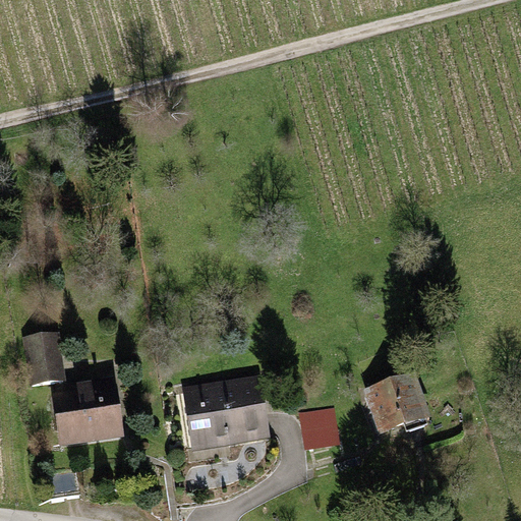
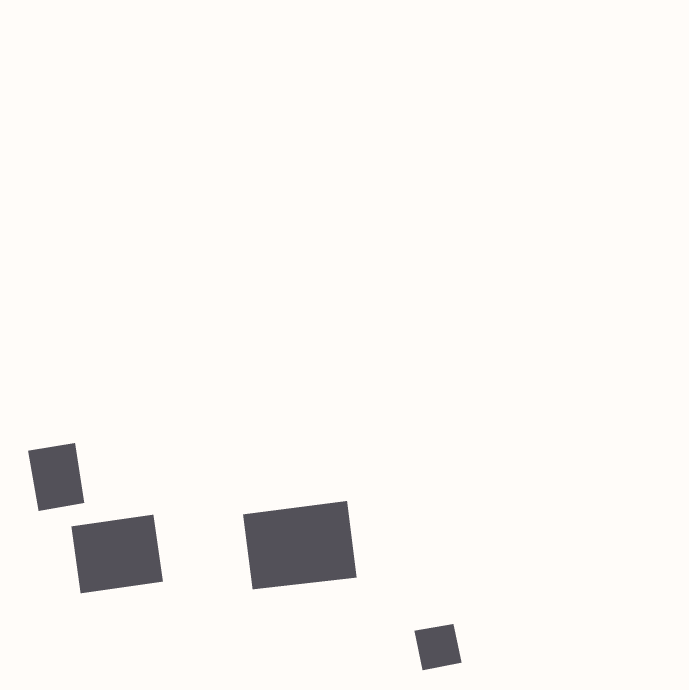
building: [364,373,427,436] -> none
building: [302,411,339,447] -> [414,624,462,671]

